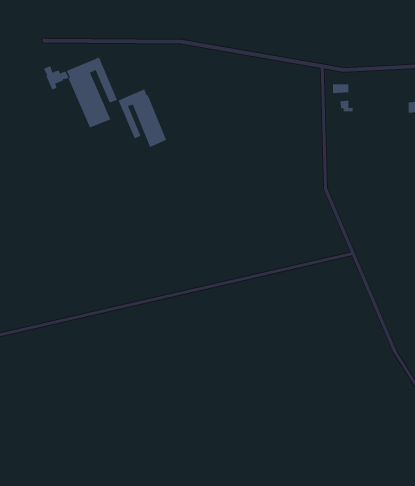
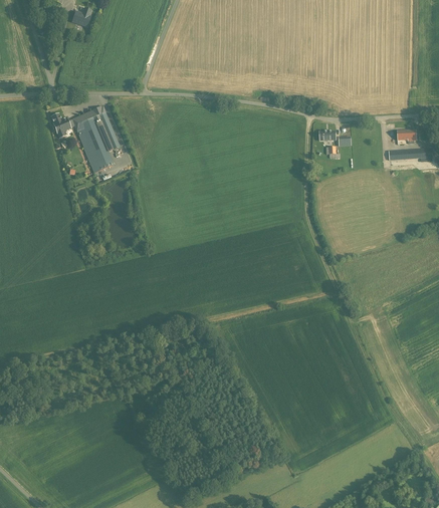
building: [118,88,167,148] -> none

